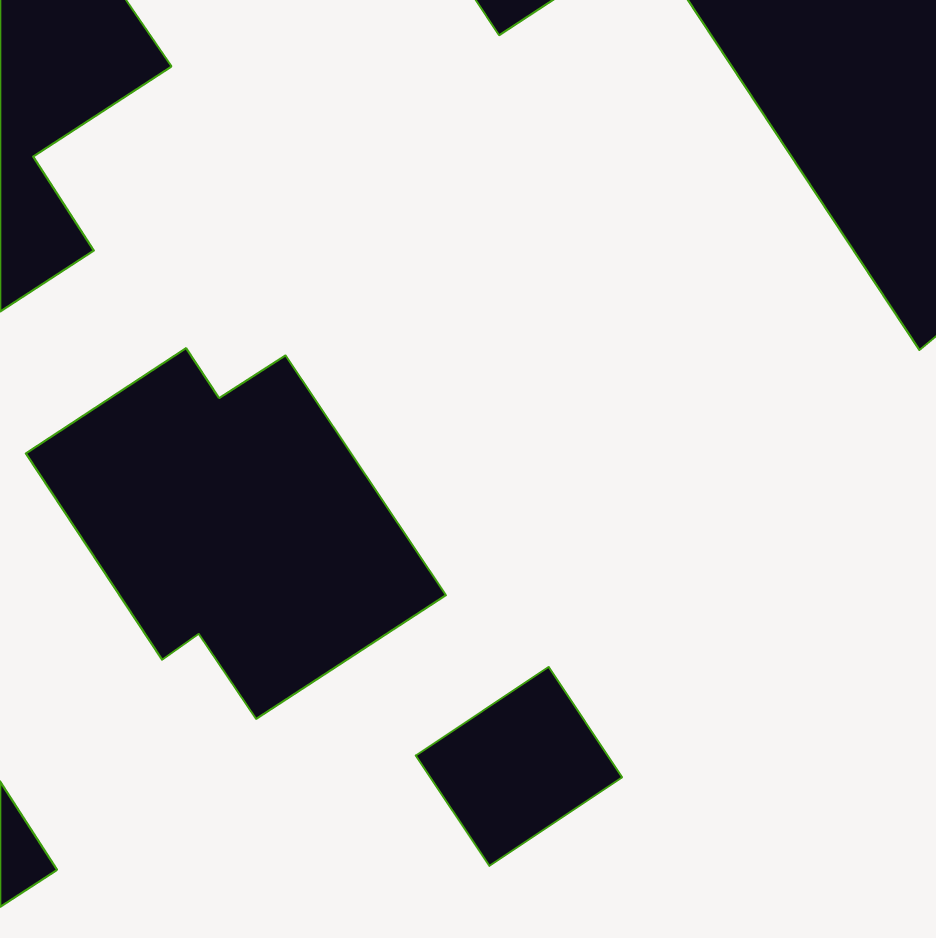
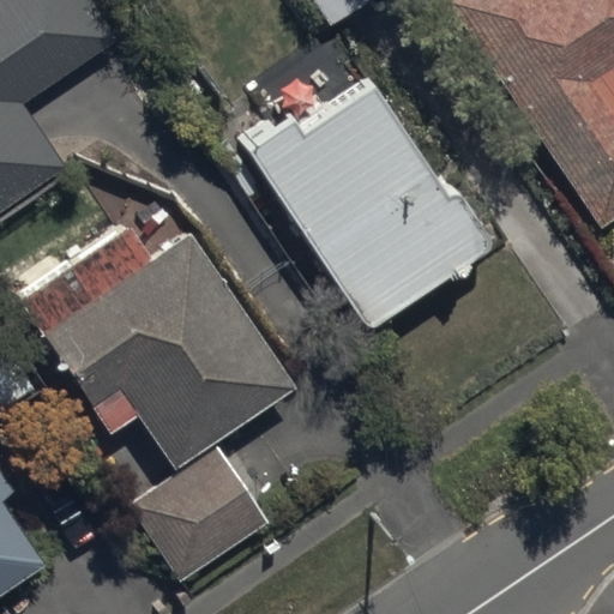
building: none -> [248,74,480,324]
building: [416,667,622,866] -> [133,451,267,580]

